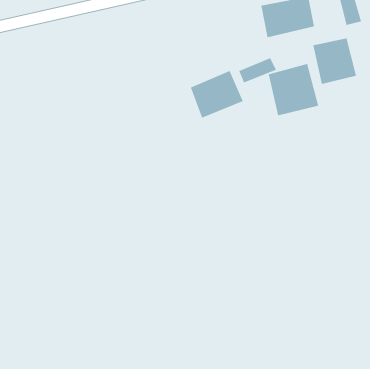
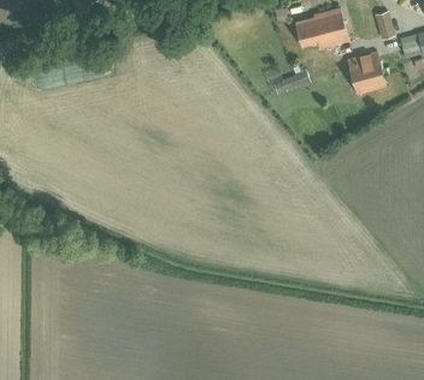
building: [268,63,319,116] -> none
building: [190,70,244,118] -> none

